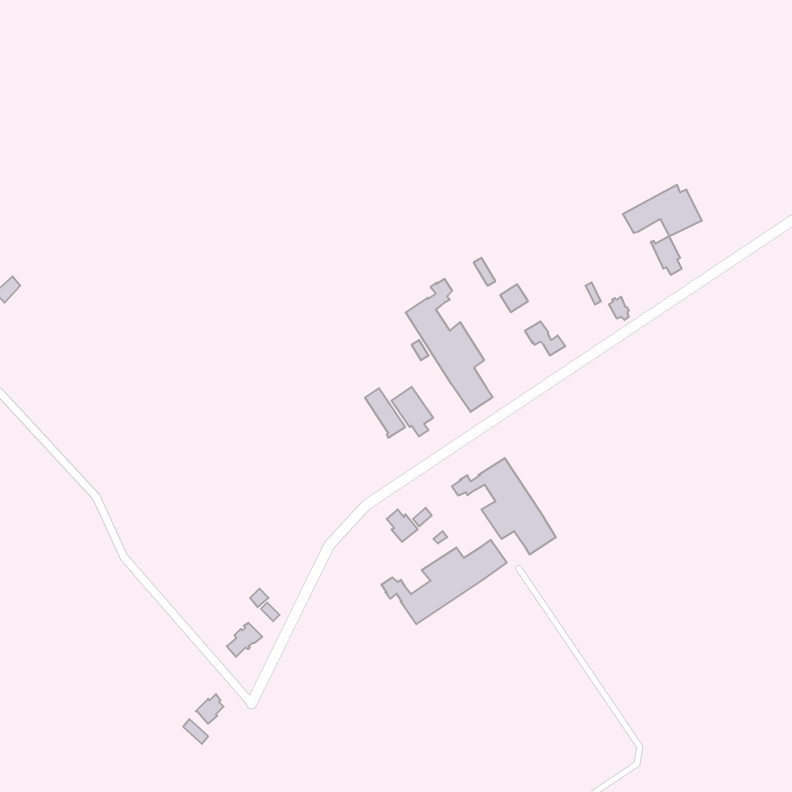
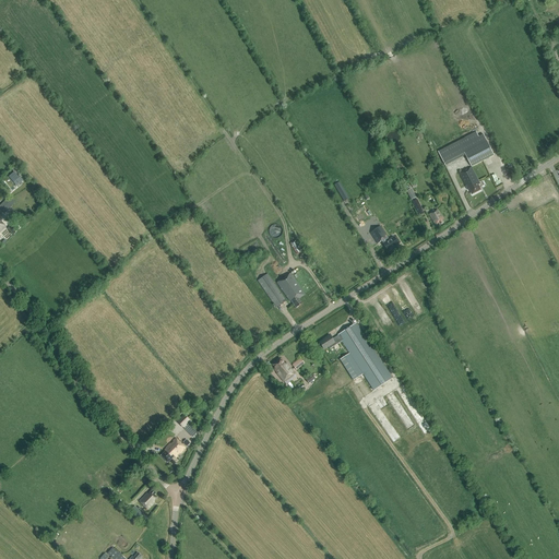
building: [406,279,493,412] -> none
building: [381,540,507,624] -> none

